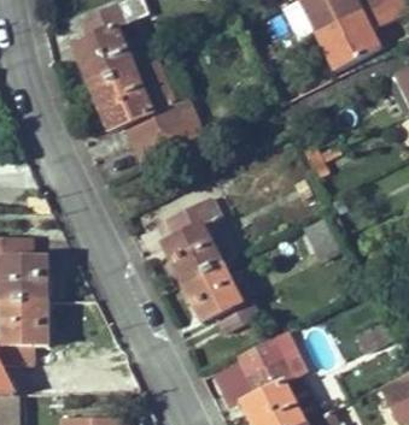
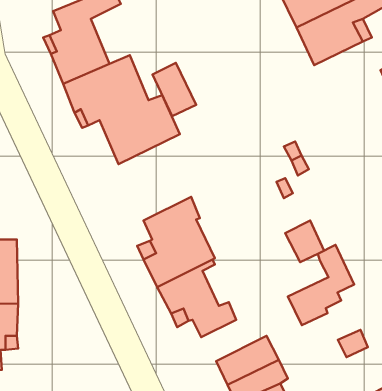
building: none -> [152,63,196,116]
building: none -> [288,245,354,325]

